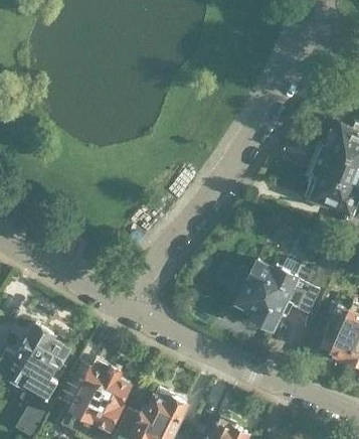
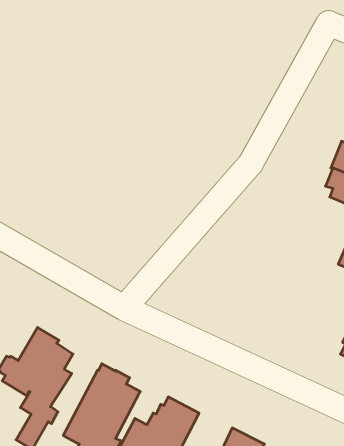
building: [228,263,319,329] -> none

